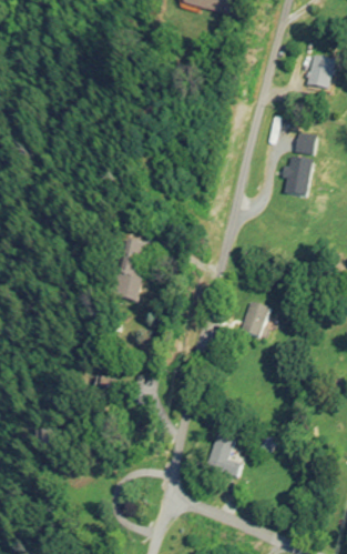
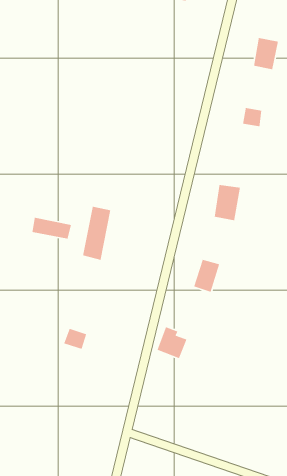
building: [282,155,312,197] -> [214,184,241,221]
building: none -> [32,217,72,239]
building: [208,437,243,474] -> [157,326,187,359]

